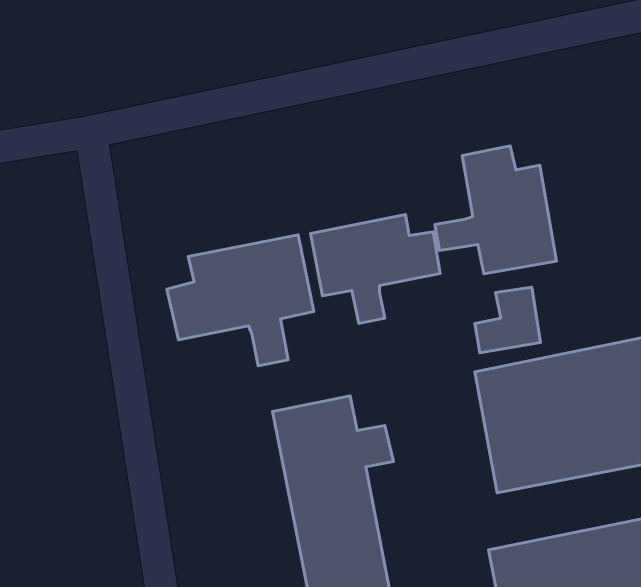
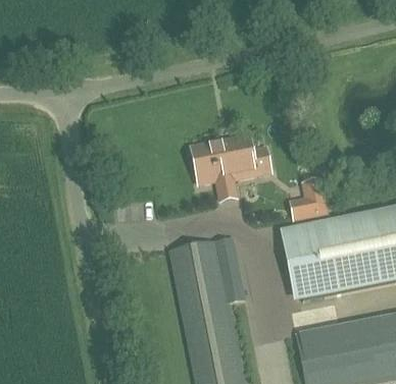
building: [435,146,556,274] -> none
building: [167,235,314,366] -> none

